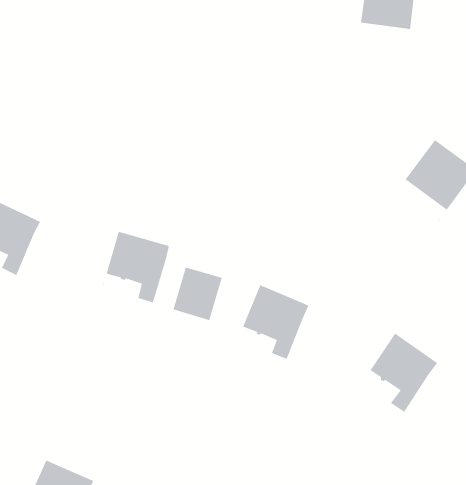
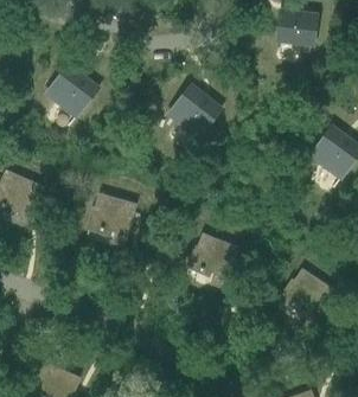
building: none -> [46,64,98,126]
building: none -> [168,84,222,146]
building: [173,267,237,321] -> none

